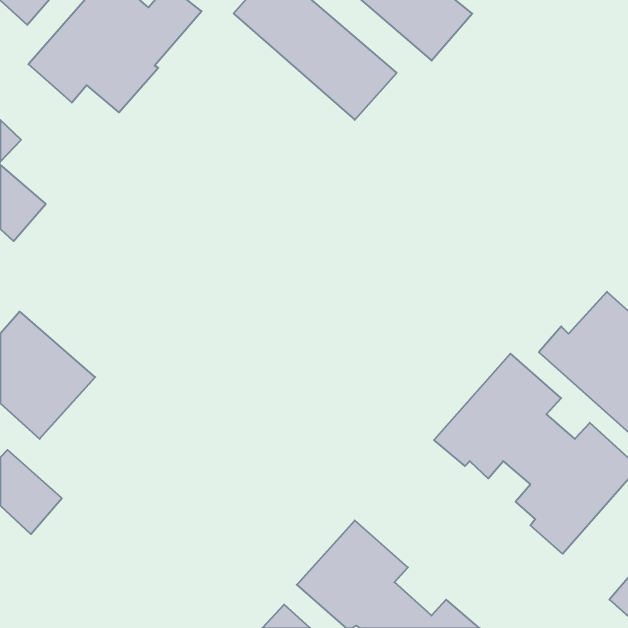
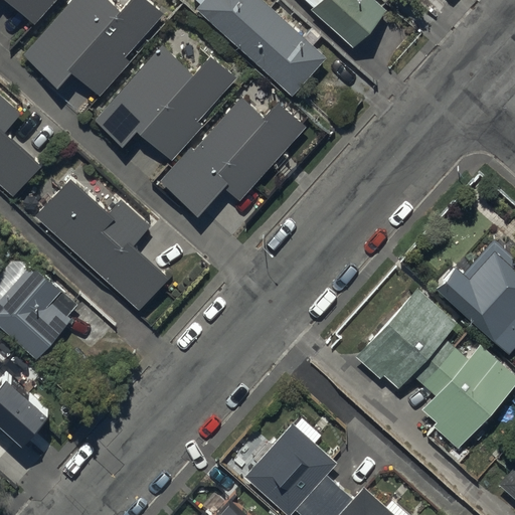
building: none -> [94,45,235,162]
building: none -> [158,95,304,217]
building: none -> [34,179,167,311]

